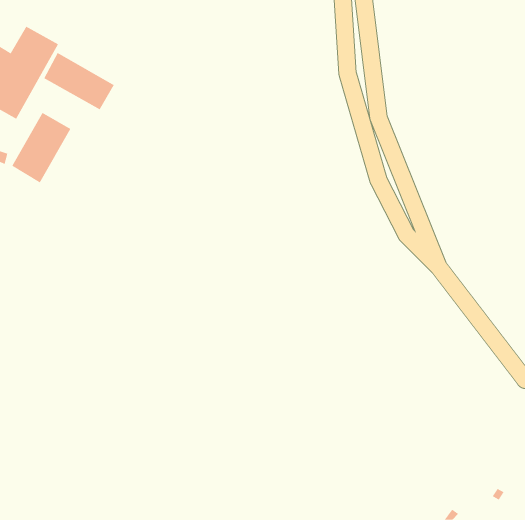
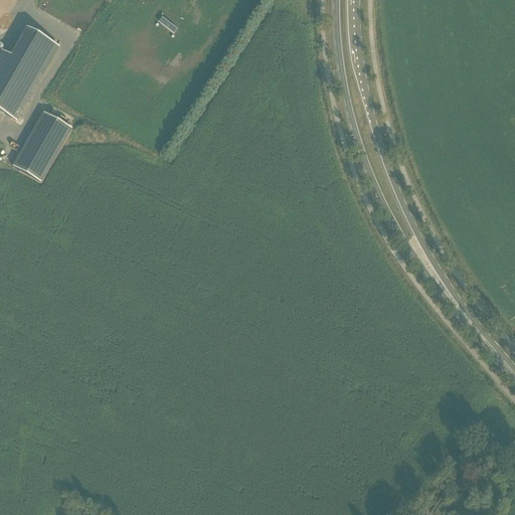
building: [44,52,114,110] -> none

